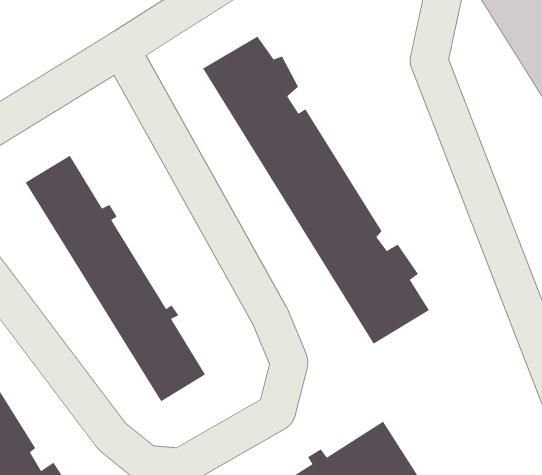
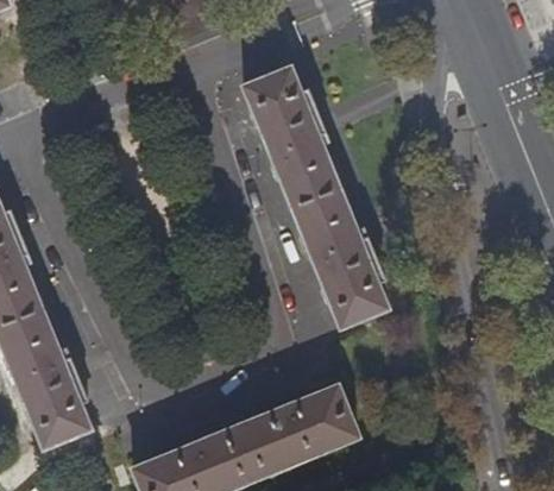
building: [25,155,206,402] -> none

